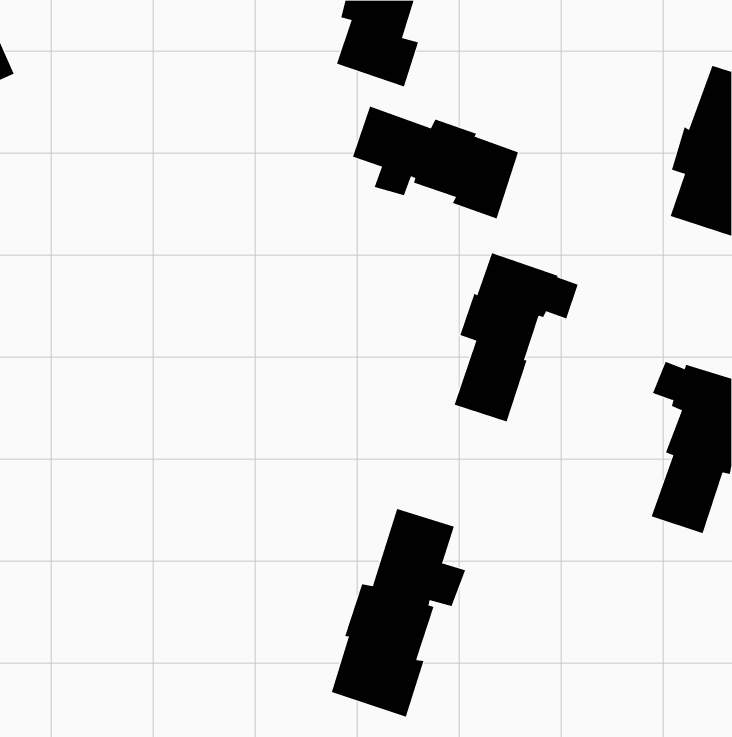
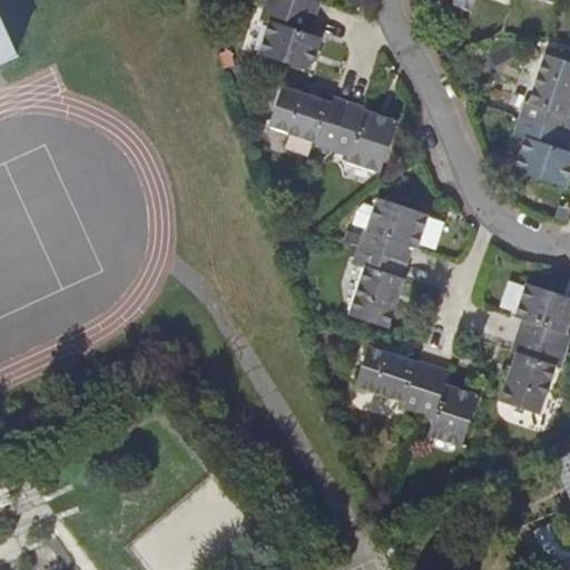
building: none -> [337,338,479,446]
building: [331,508,466,718] -> none

